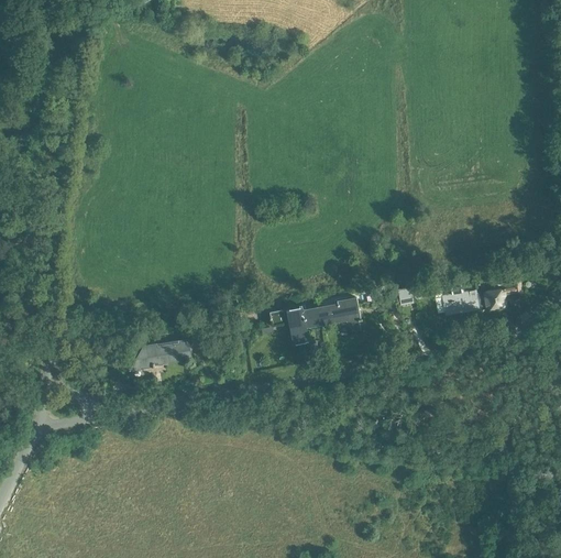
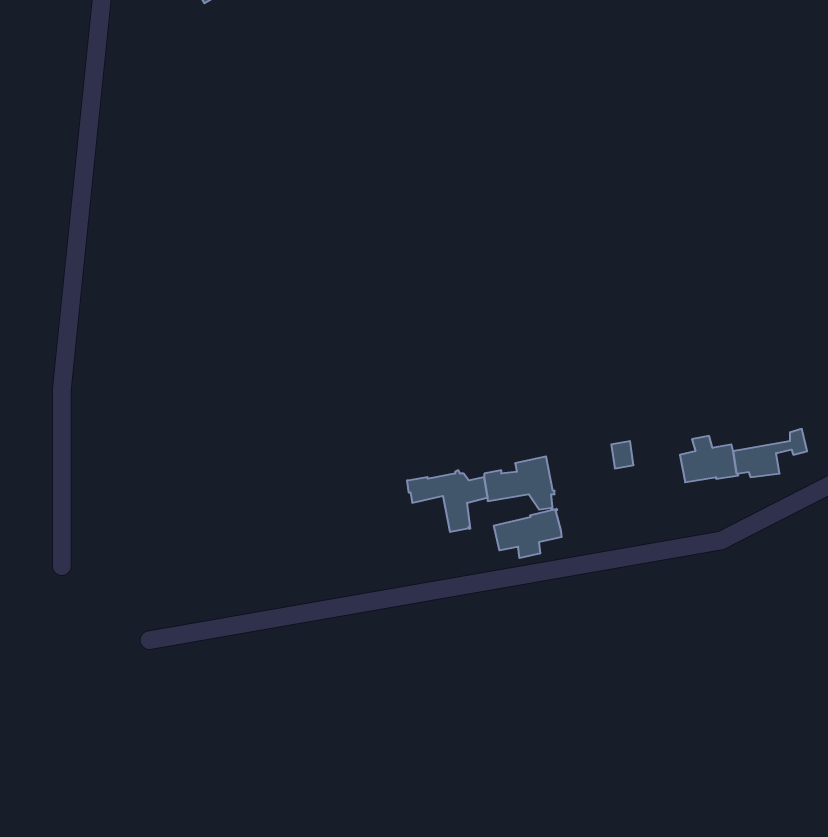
building: none -> [494,509,562,558]
building: [131,340,189,370] -> none

